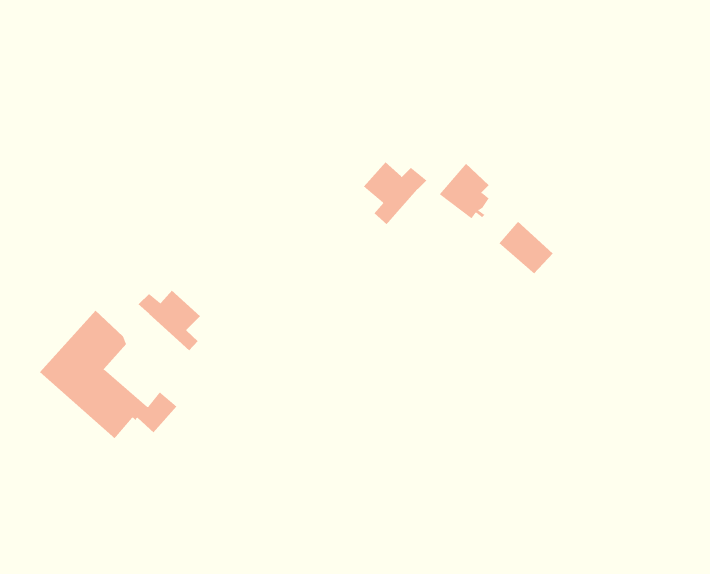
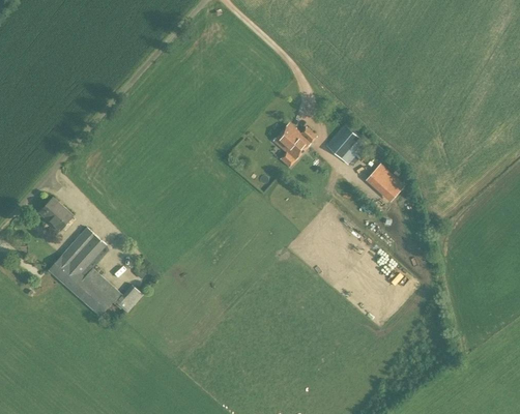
building: none -> [36,197,71,231]
building: [137,290,201,351] -> none

